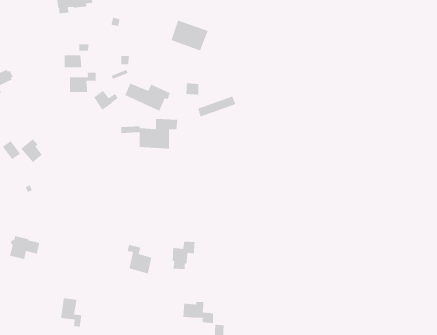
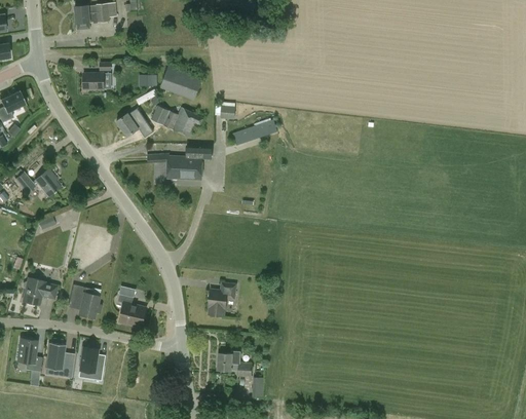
building: [170,19,209,51] -> [160,64,203,100]
building: [69,72,97,93] -> none
building: none -> [67,284,99,318]
building: [127,244,152,274] -> [117,294,146,328]
building: none -> [16,339,41,371]
building: none -> [44,342,66,370]

